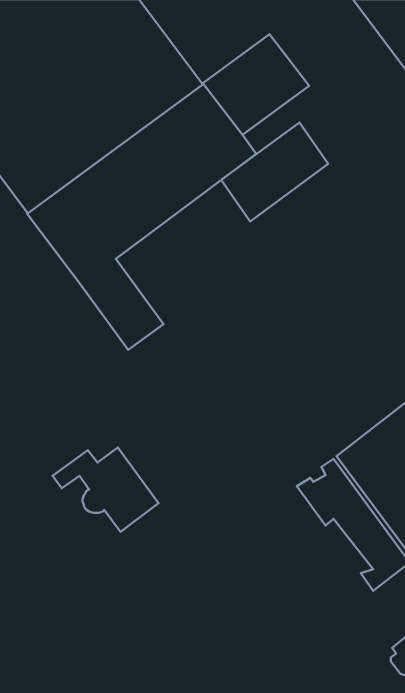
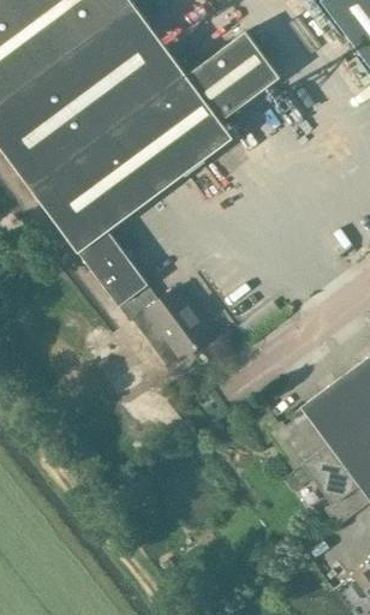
building: [221,123,328,221] -> none
building: [52,447,159,532] -> [121,285,215,359]

